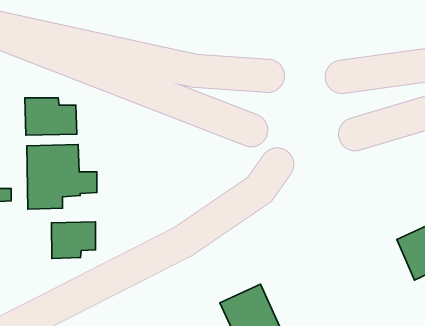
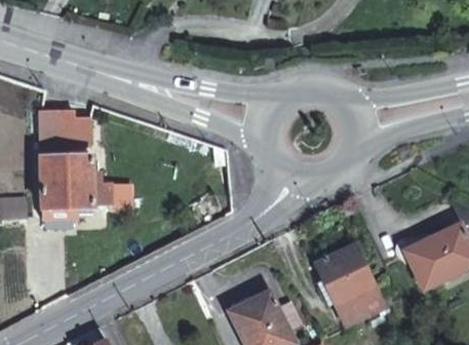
building: [51,222,96,259] -> none
building: none -> [316,244,383,324]

